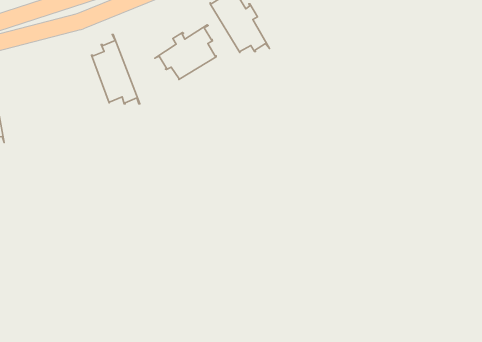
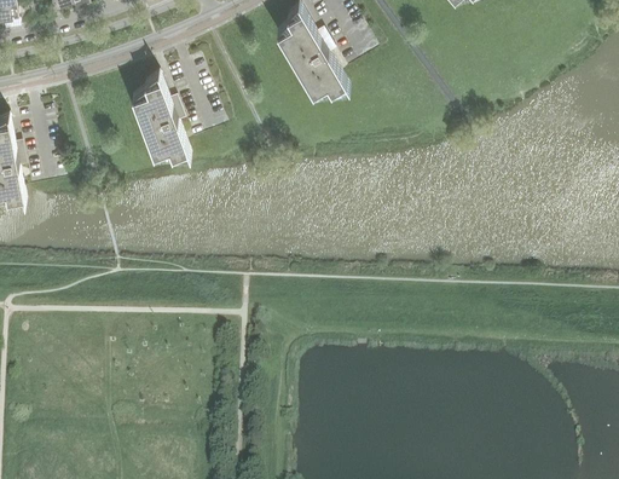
building: [155,25,216,80] -> none

